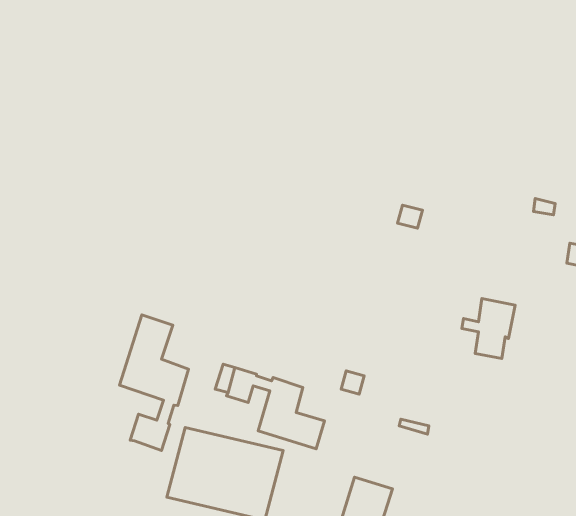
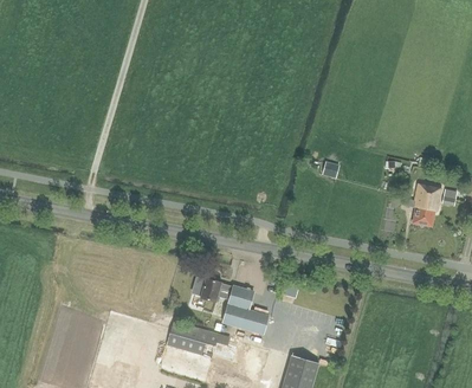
building: [462,299,515,358] -> [403,183,441,226]
building: [120,315,189,451] -> none

